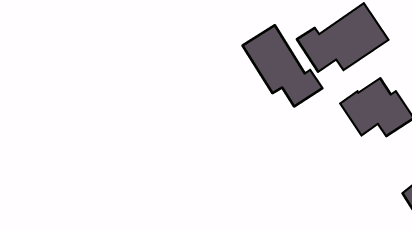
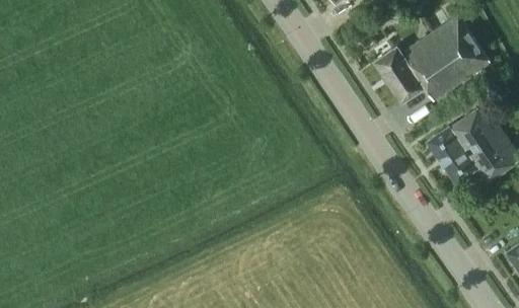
building: [242,25,322,107] -> none

